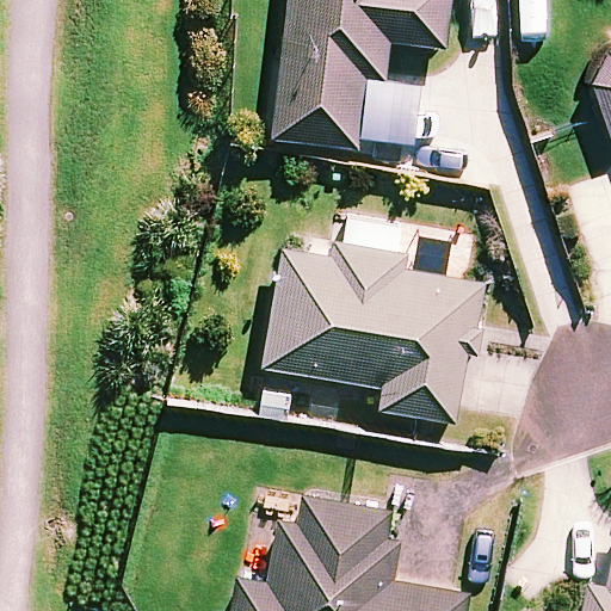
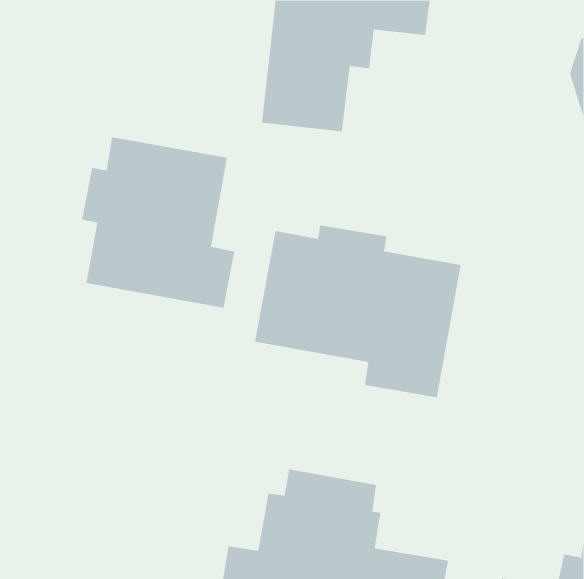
building: none -> [82,137,235,309]

